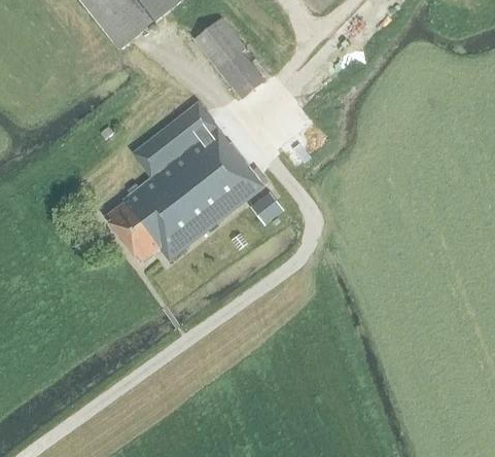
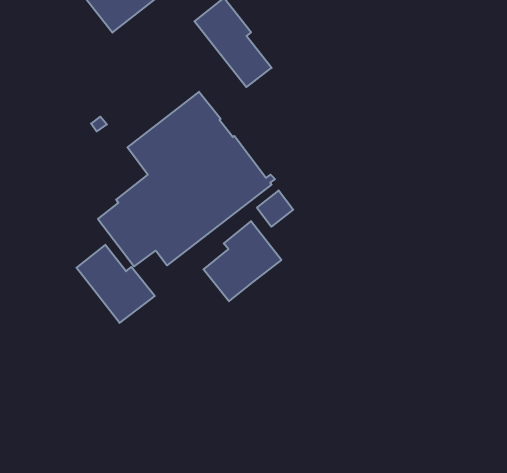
building: none -> [203,221,281,301]
building: none -> [76,245,155,323]

